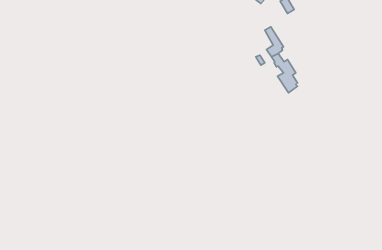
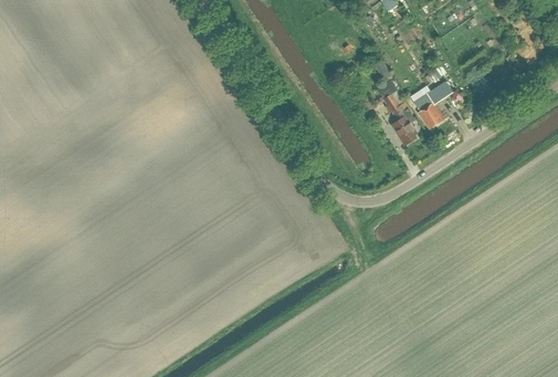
building: none -> [413,86,444,129]

